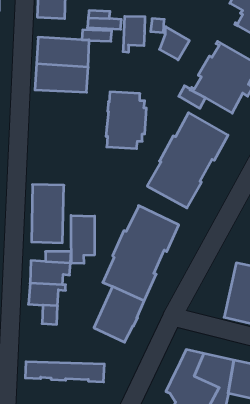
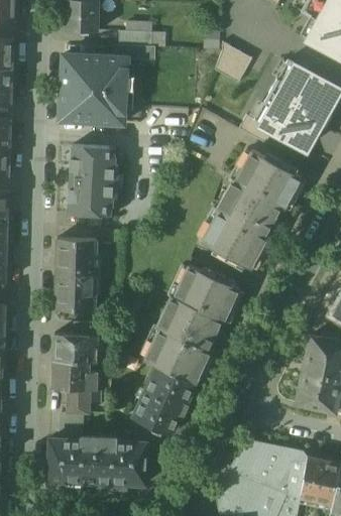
building: [123,16,145,52] -> none
building: [106,92,146,149] -> [68,146,118,217]
building: [71,215,95,263] -> none
building: none -> [48,436,147,463]

